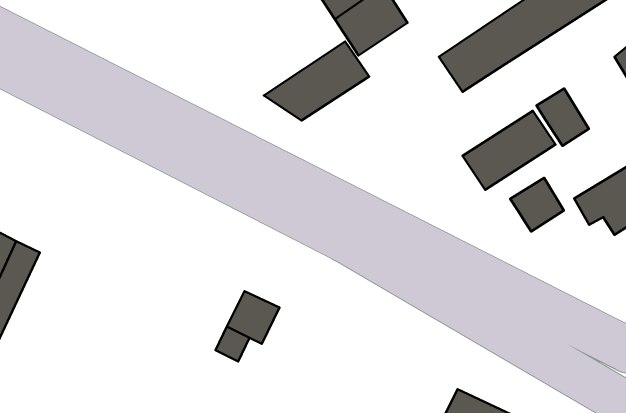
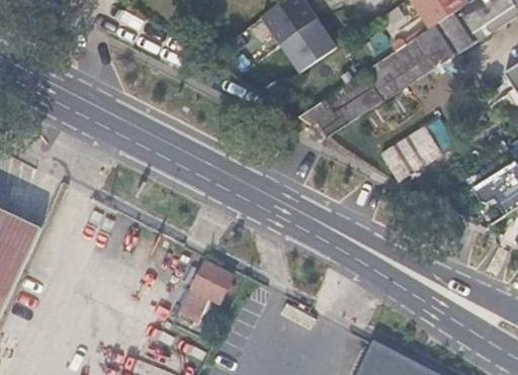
building: [264,41,369,120] -> [296,73,381,136]
building: [536,88,589,146] -> none
building: [510,178,564,232] -> none

